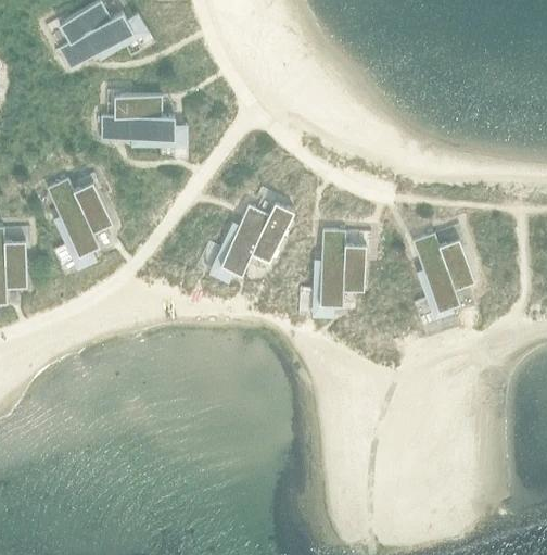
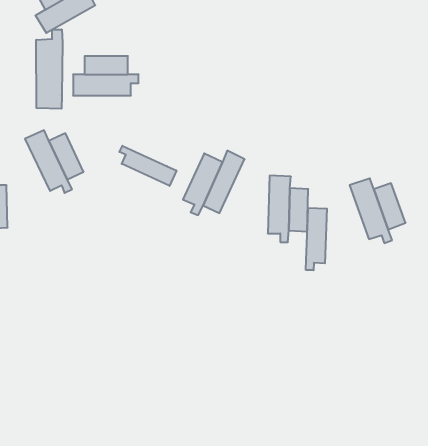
building: none -> [36,29,63,109]
building: none -> [119,146,176,186]
building: none -> [306,208,327,270]

